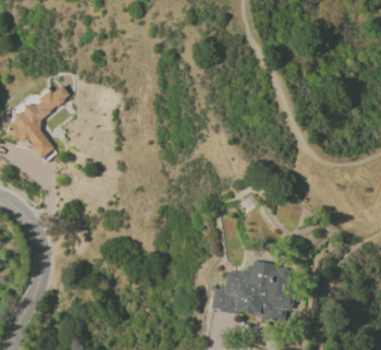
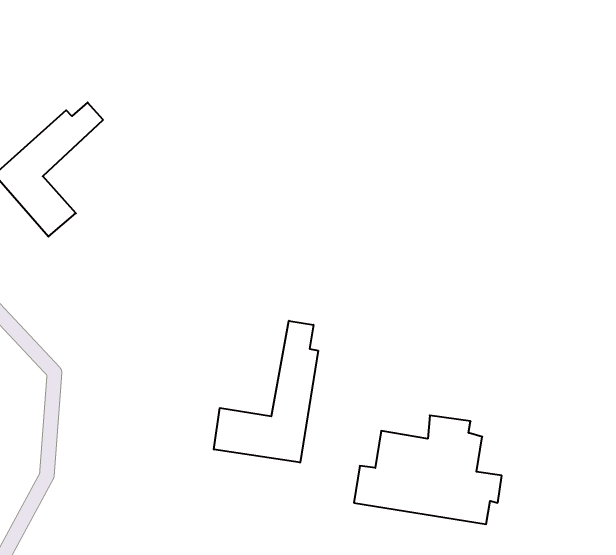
building: none -> [214,321,318,463]

